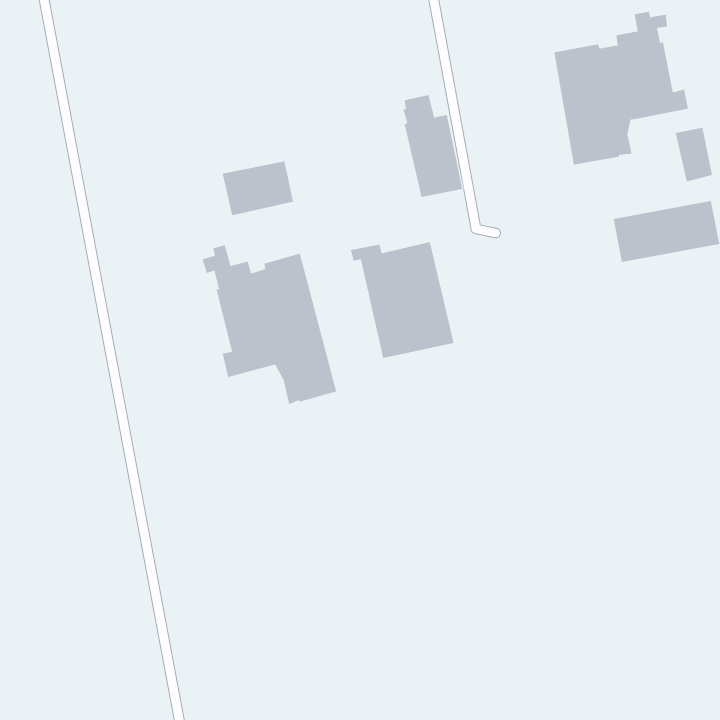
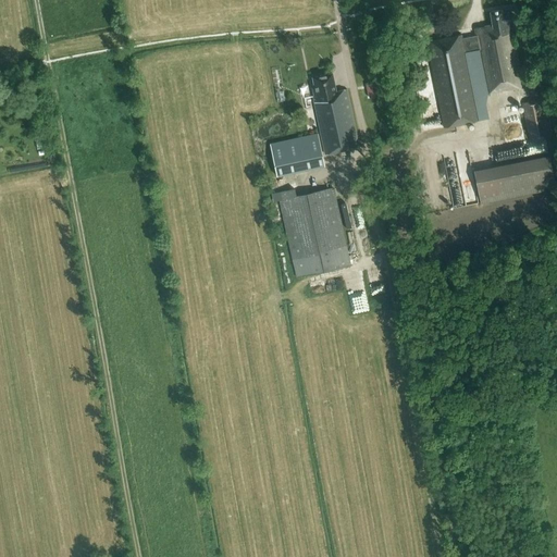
building: [222,161,294,216] -> [268,133,323,175]
building: [202,244,337,405] -> none

